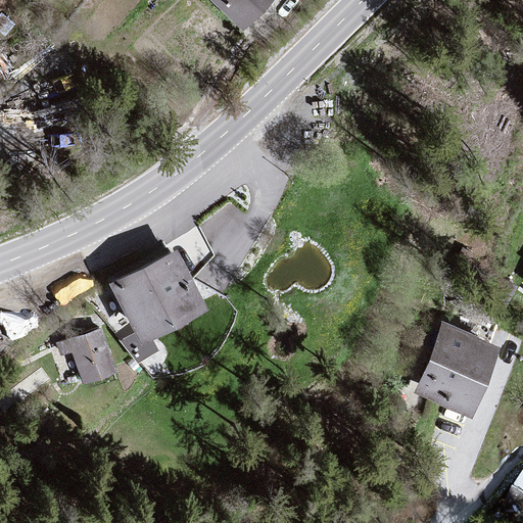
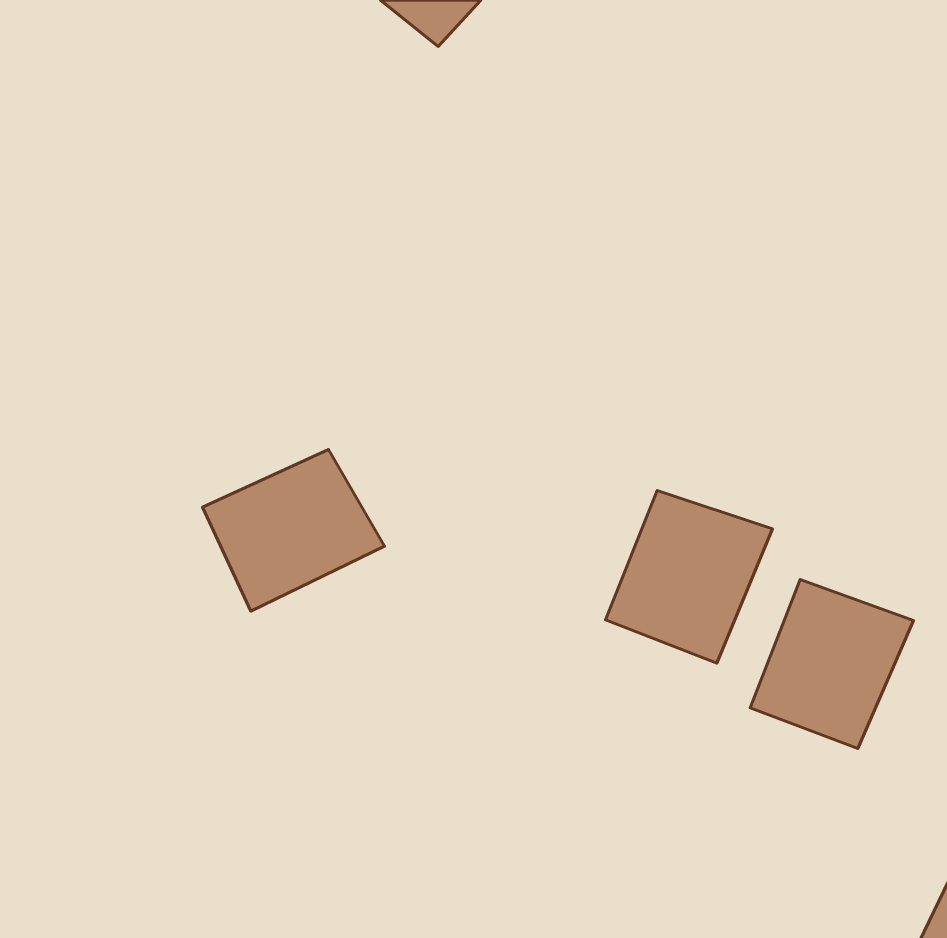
building: none -> [606,491,773,663]
building: [64,328,116,382] -> none

